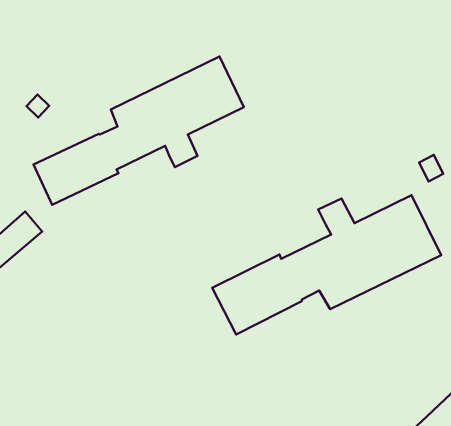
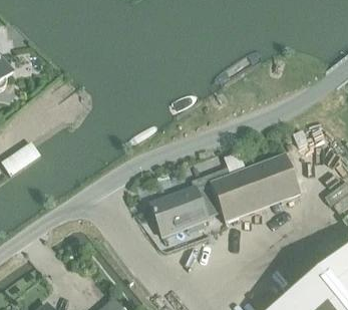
building: [34,56,244,205] -> none

